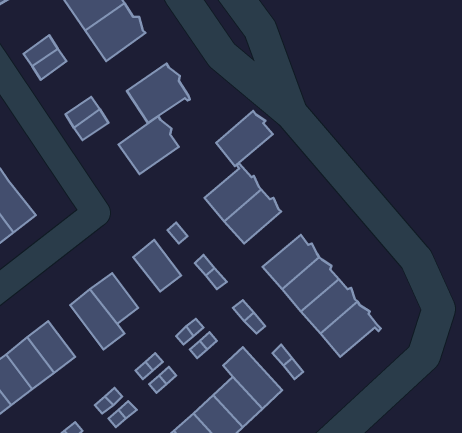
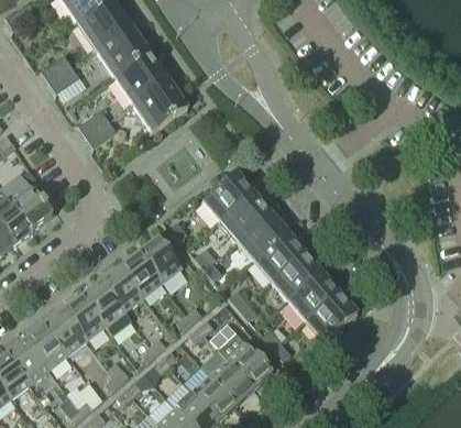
building: [216,111,273,166] -> [237,209,287,259]
building: [119,116,179,174] -> [113,50,167,101]
building: none -> [119,250,162,295]
building: none -> [62,293,105,339]

